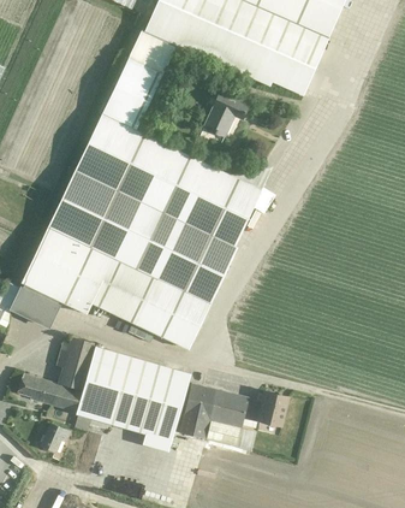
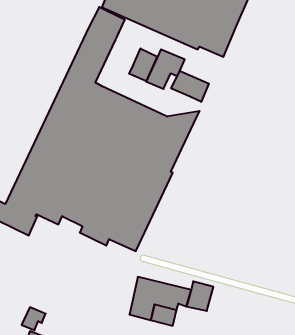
building: none -> [129,48,157,81]
building: none -> [171,71,209,102]
building: [17,336,190,438] -> none

